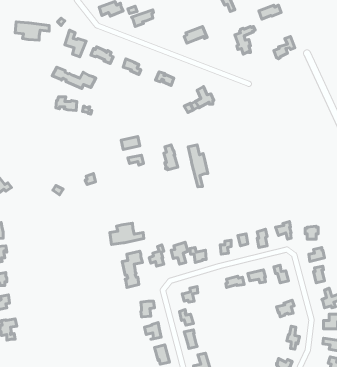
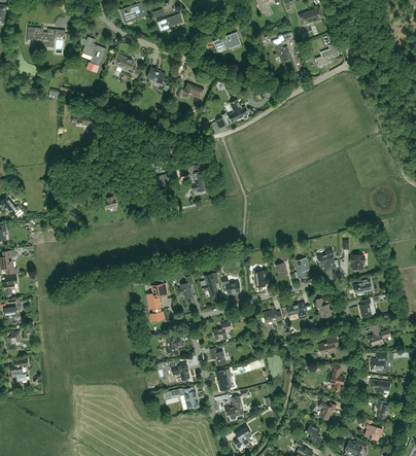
building: [52,67,96,88] -> none
building: [188,145,208,187] -> none
building: [110,223,144,245] -> none

